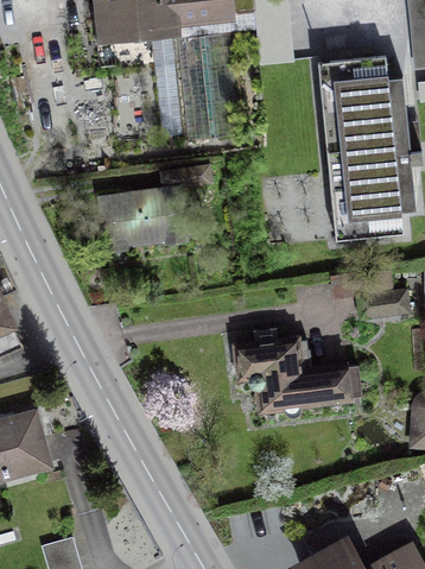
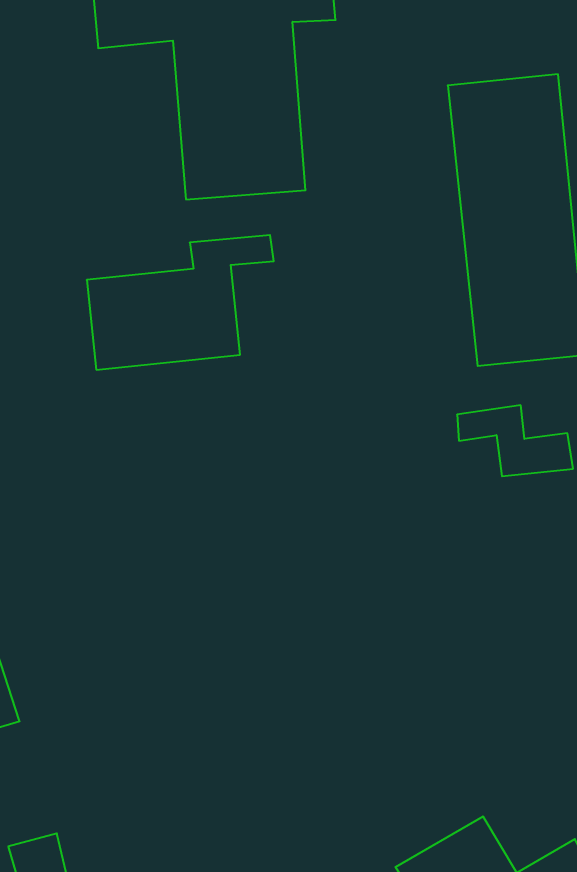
building: [237,340,357,413] -> none

